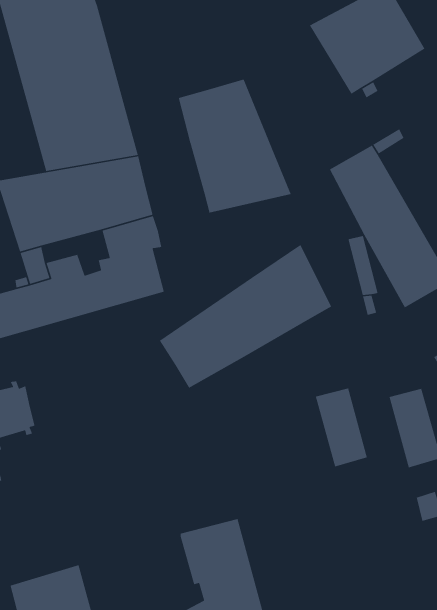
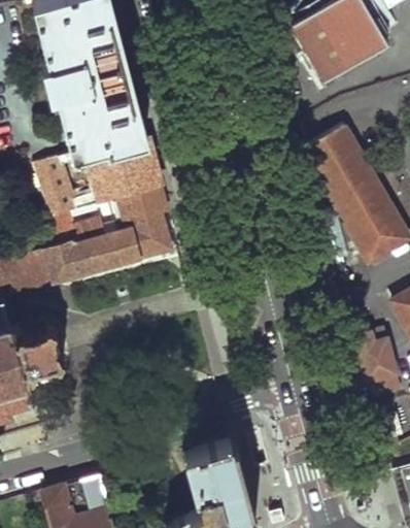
building: [178,78,292,214] -> none
building: [159,244,332,389] -> none
building: [315,388,368,467] -> none

